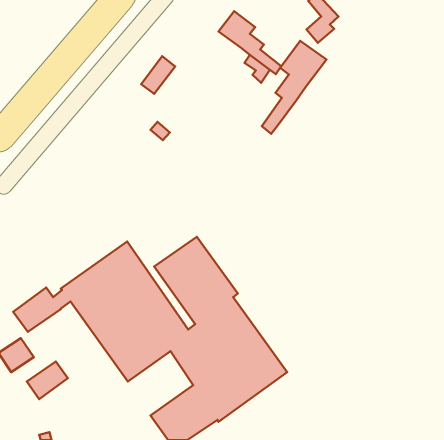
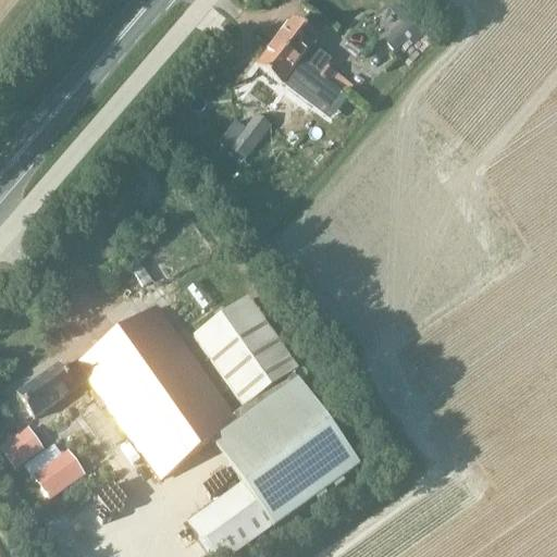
building: none -> [257,39,300,82]
building: [262,41,327,134] -> none
building: [141,56,175,94] -> [228,109,271,156]

